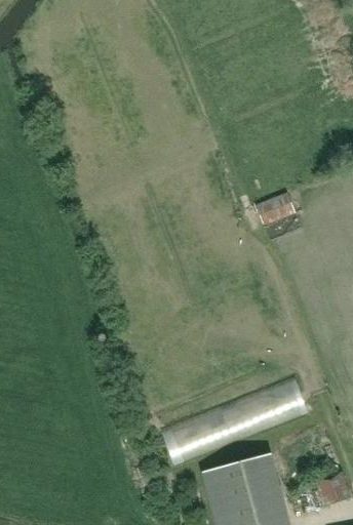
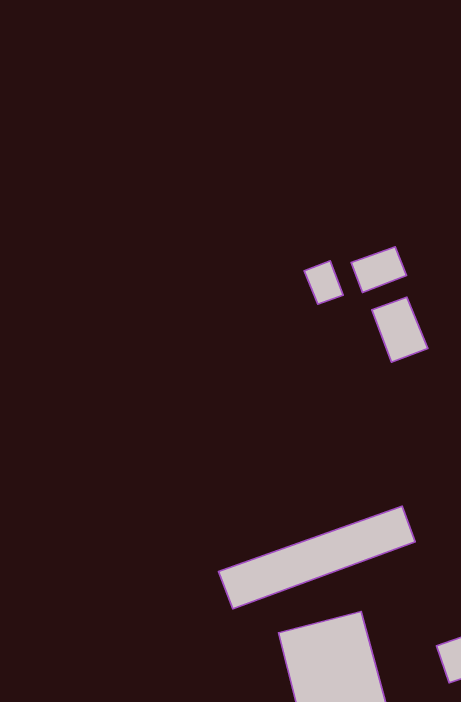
building: none -> [304,261,343,304]
building: none -> [372,297,428,362]

